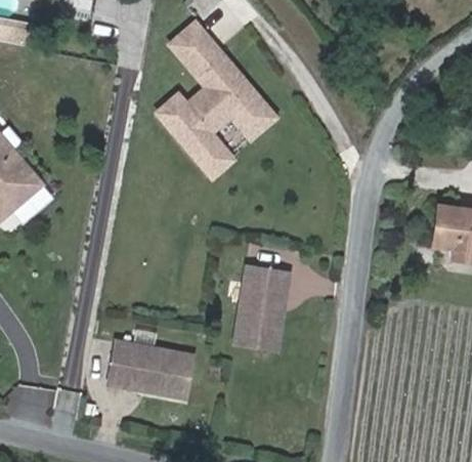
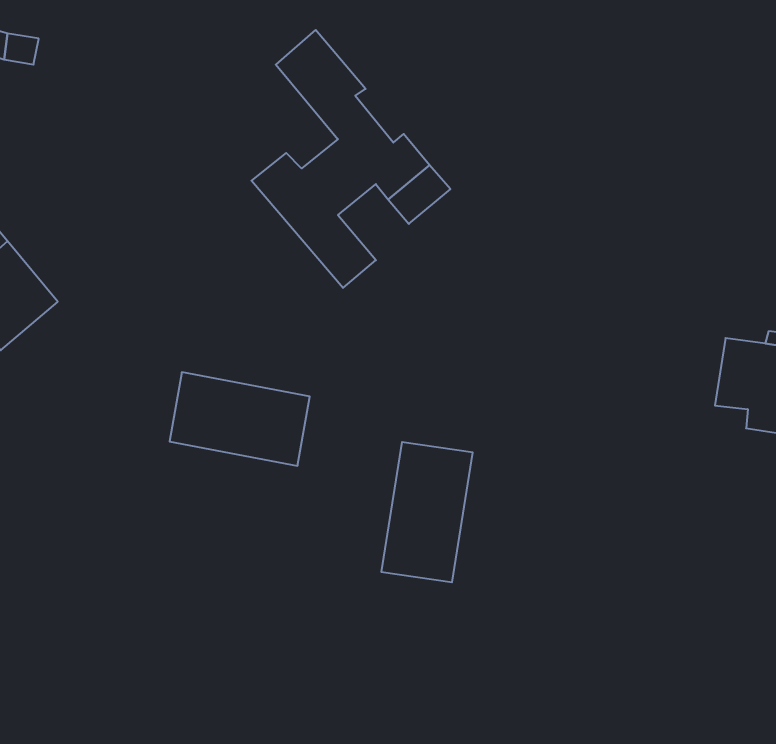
building: [110,342,192,397] -> [170,372,310,466]

